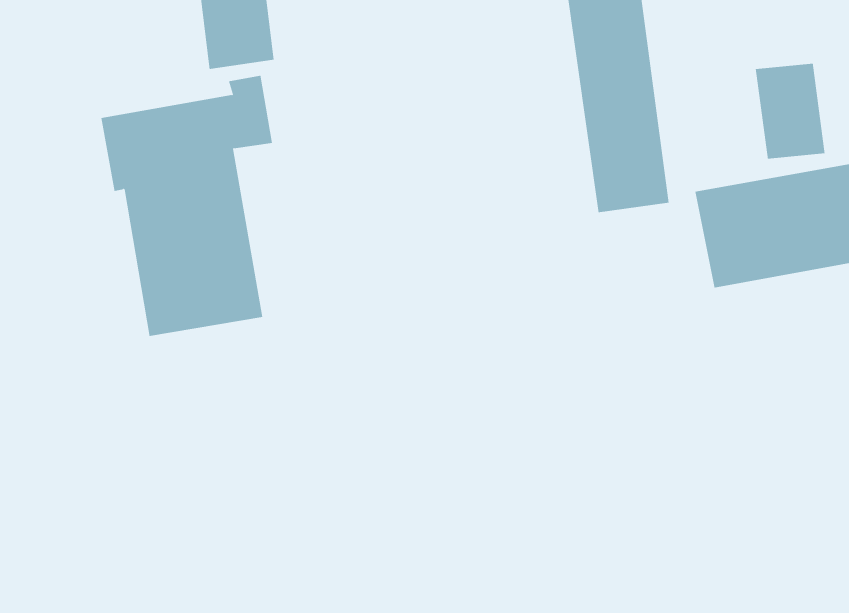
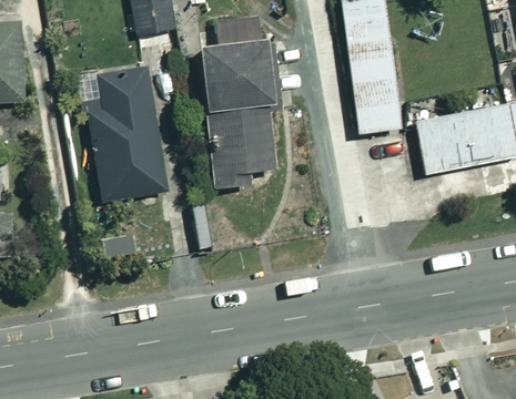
building: none -> [202,18,279,187]
building: [755,63,825,160] -> none

